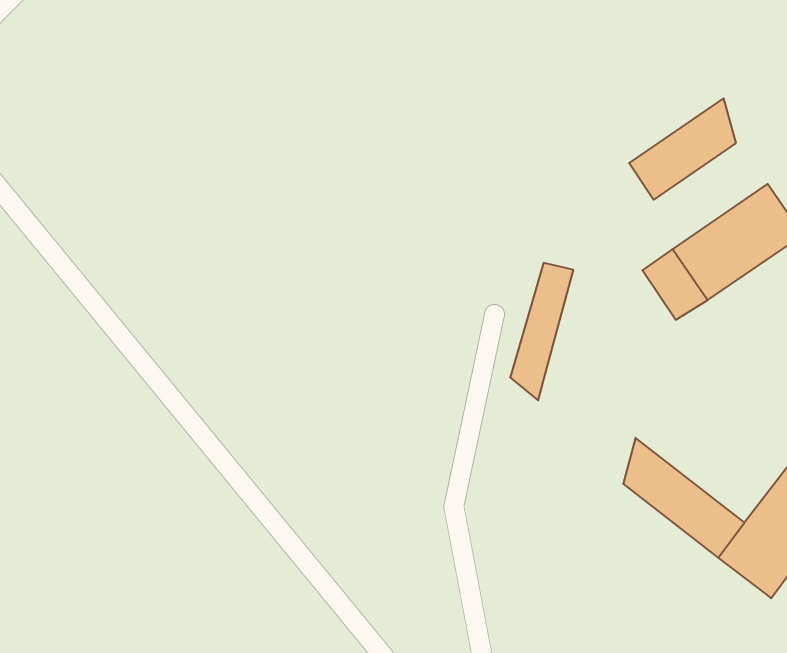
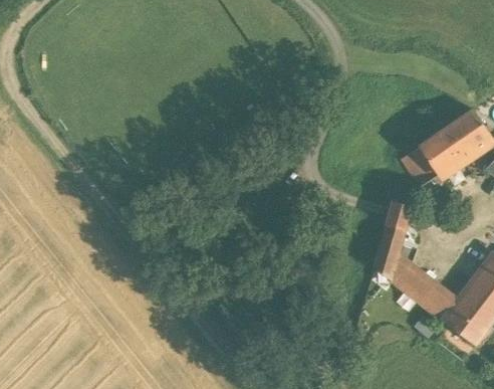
building: [629,98,736,200] -> none
building: [510,263,573,400] -> [376,201,412,279]

